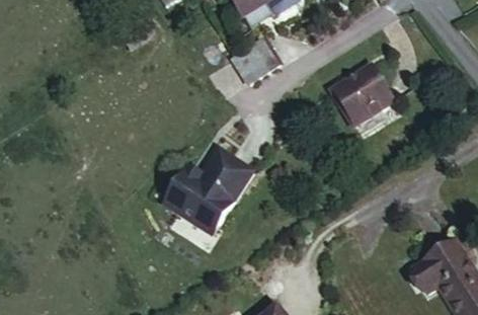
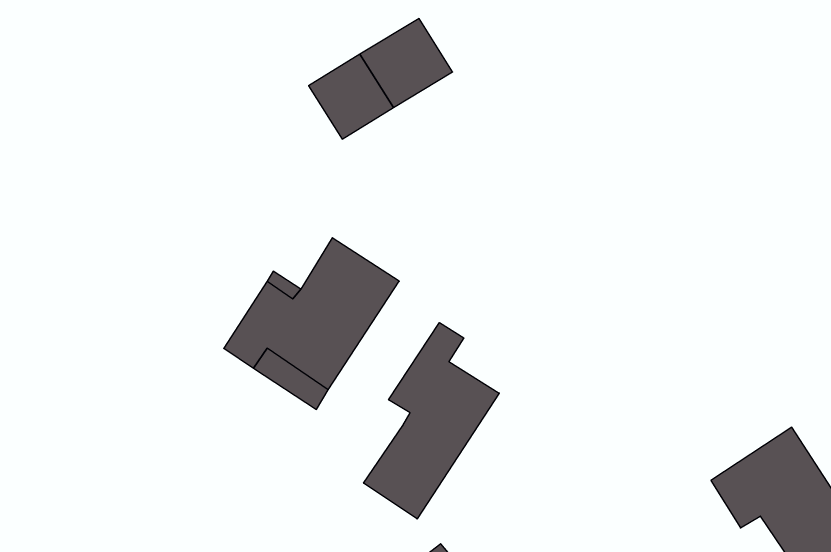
building: [334,67,394,126] -> none
building: none -> [364,323,499,519]

